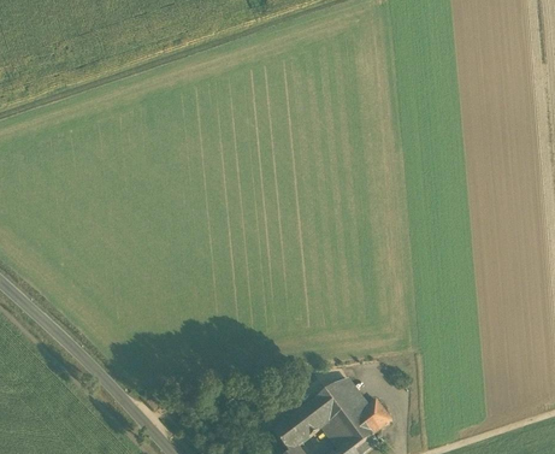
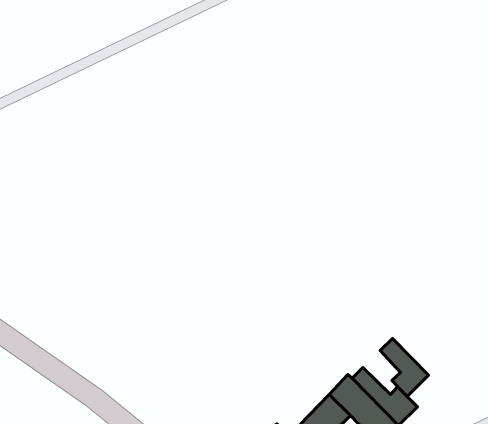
building: none -> [380,339,429,396]

